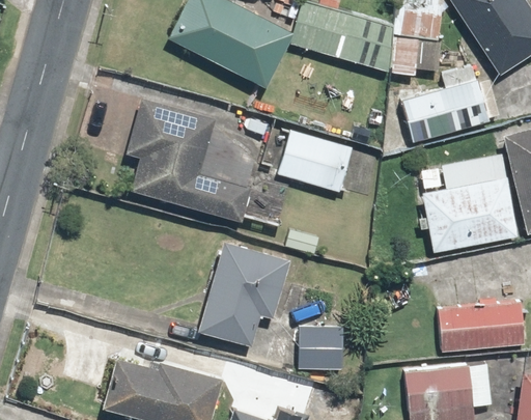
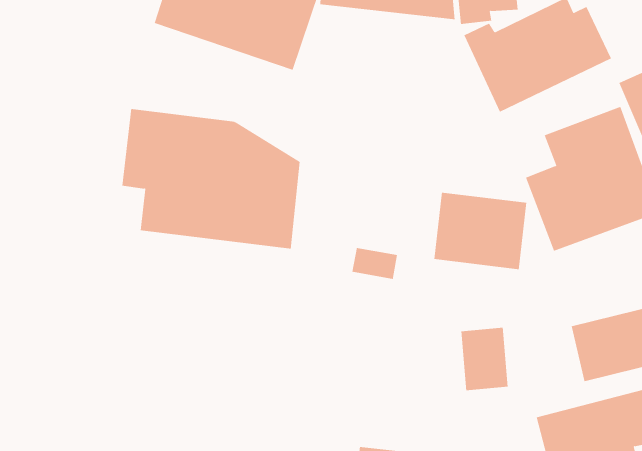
building: [278,129,354,195] -> [433,192,527,270]
building: [197,240,290,345] -> none
building: [298,327,333,373] -> [460,327,509,391]

